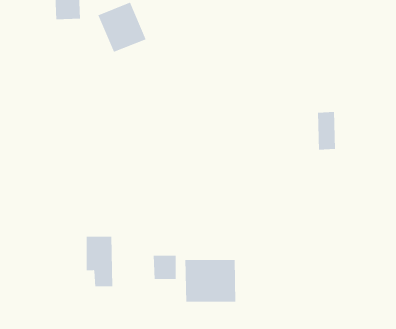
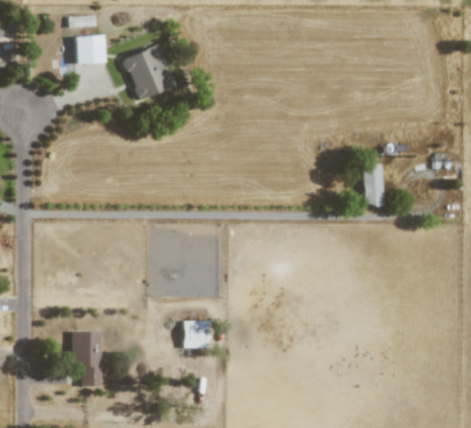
building: [86,236,113,287] -> [73,332,102,387]
building: [185,259,236,303] -> none

